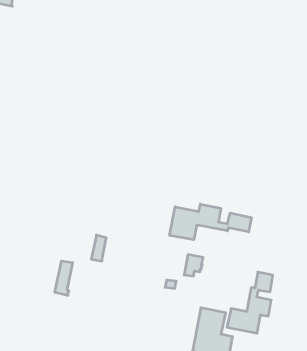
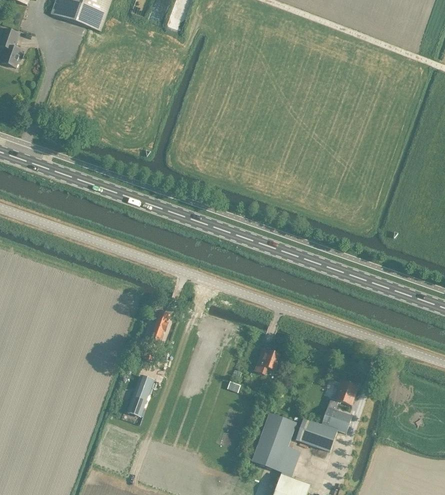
building: [170,204,251,240] -> none
building: [55,261,73,295] -> [127,375,153,416]

